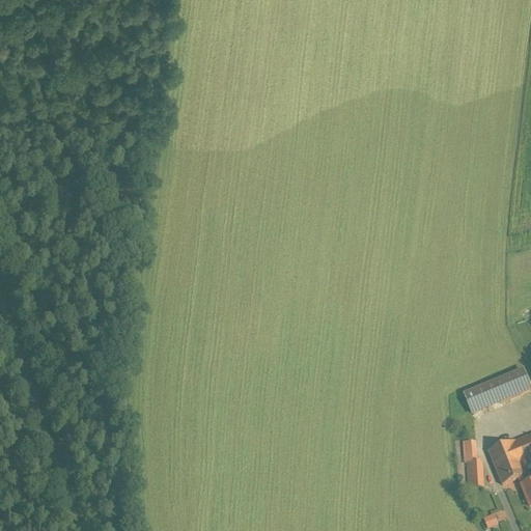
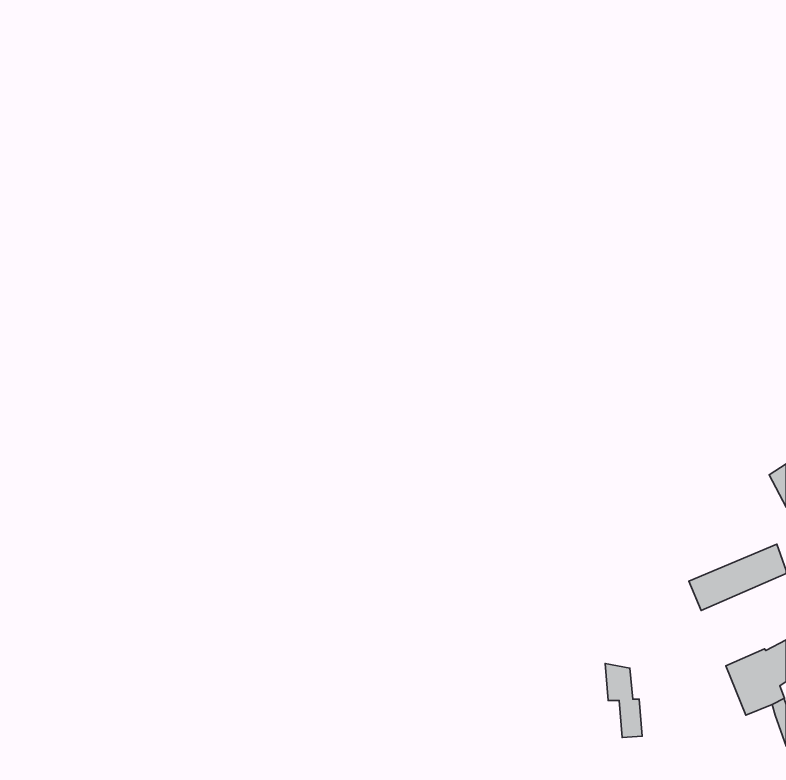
building: [458,435,483,484] -> [605,664,642,738]

